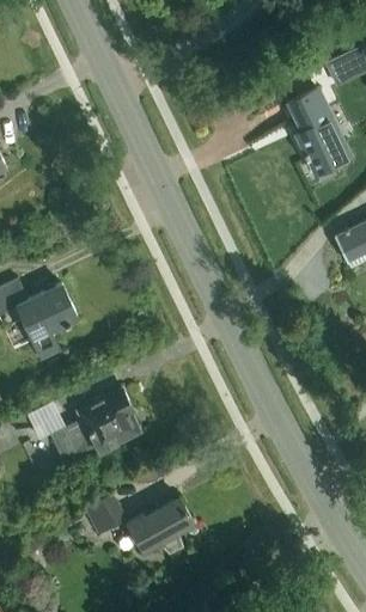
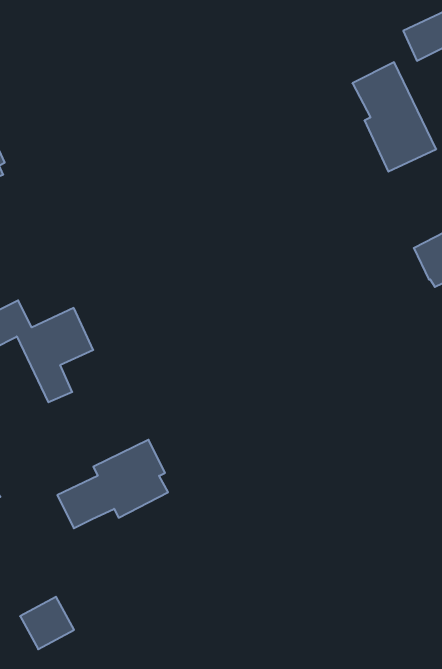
building: [26,400,63,433] -> none
building: [84,492,127,534] -> [20,597,74,649]
building: [130,500,194,553] -> none

